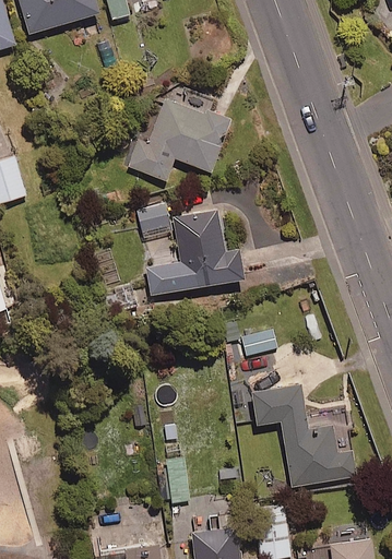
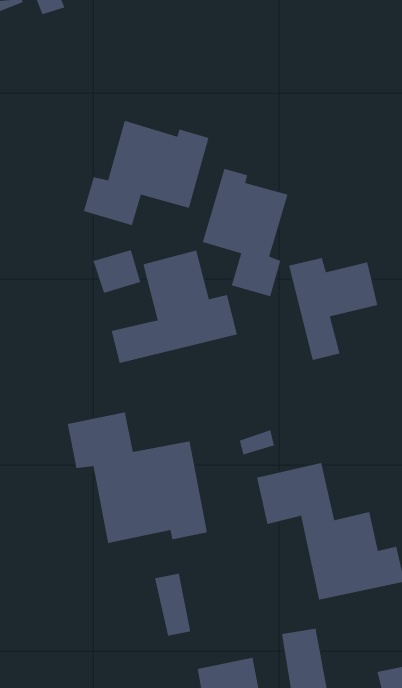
building: none -> [202,168,289,297]
building: none -> [288,257,378,361]
building: none -> [67,412,208,544]

